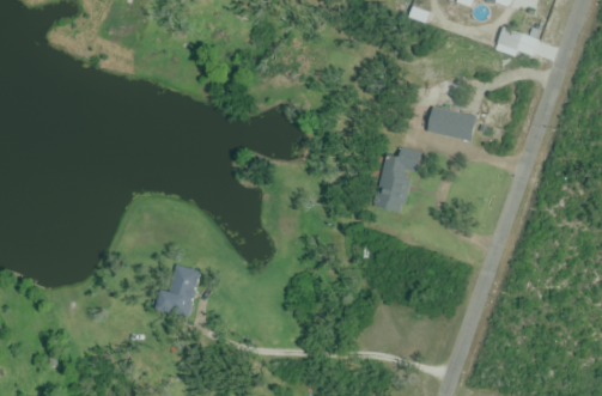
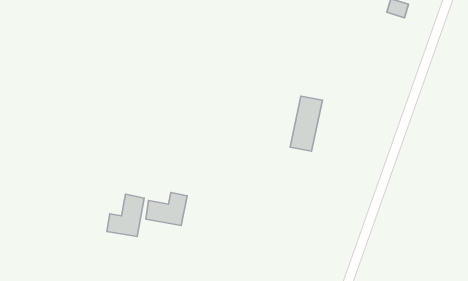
building: [425,106,475,141] -> none
building: none -> [146,193,187,225]

